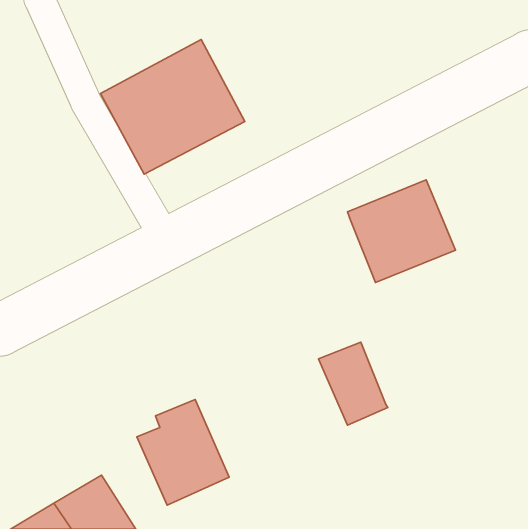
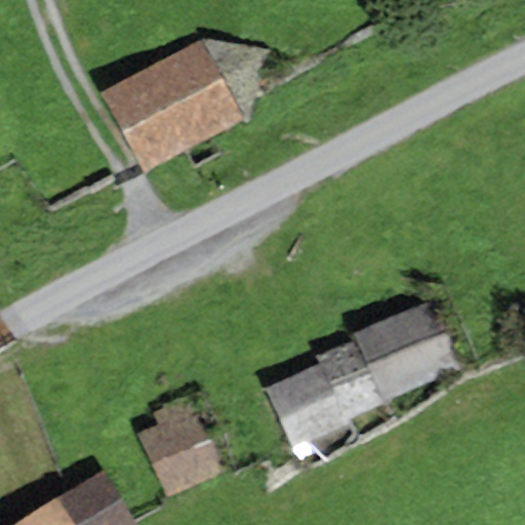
building: [347,180,455,282] -> [356,298,462,400]
building: none -> [267,364,349,448]

